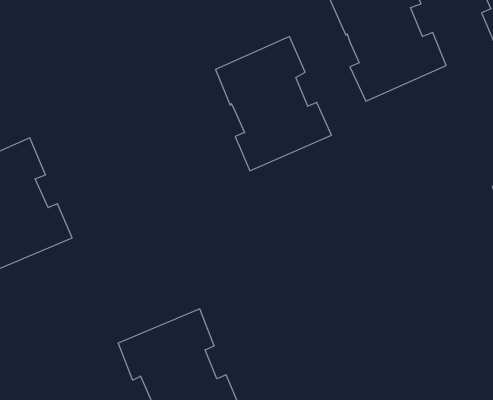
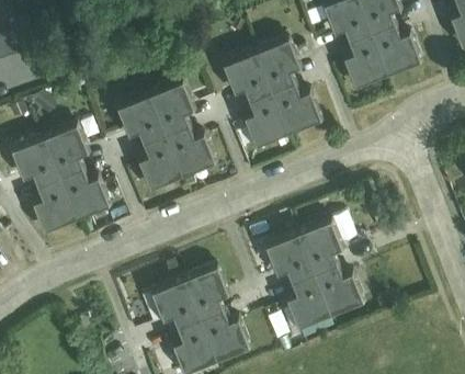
building: none -> [121,78,218,189]
building: none -> [262,218,365,329]

